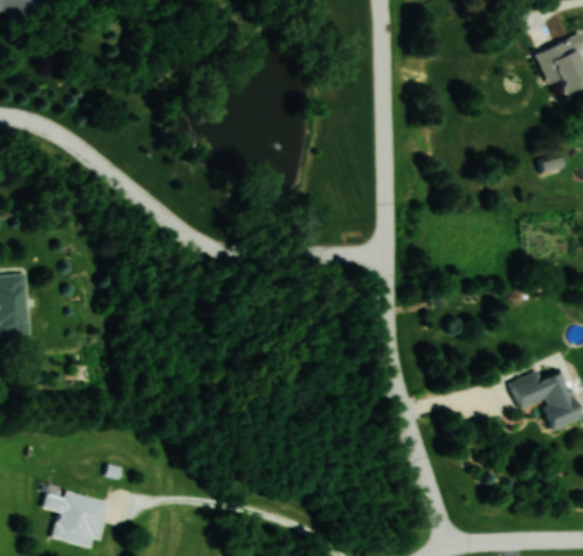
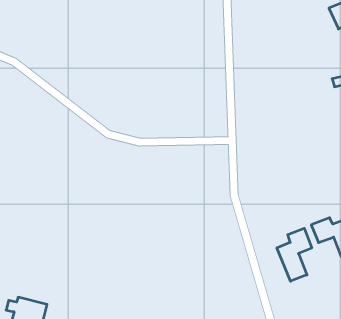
building: none -> [277,228,312,281]

